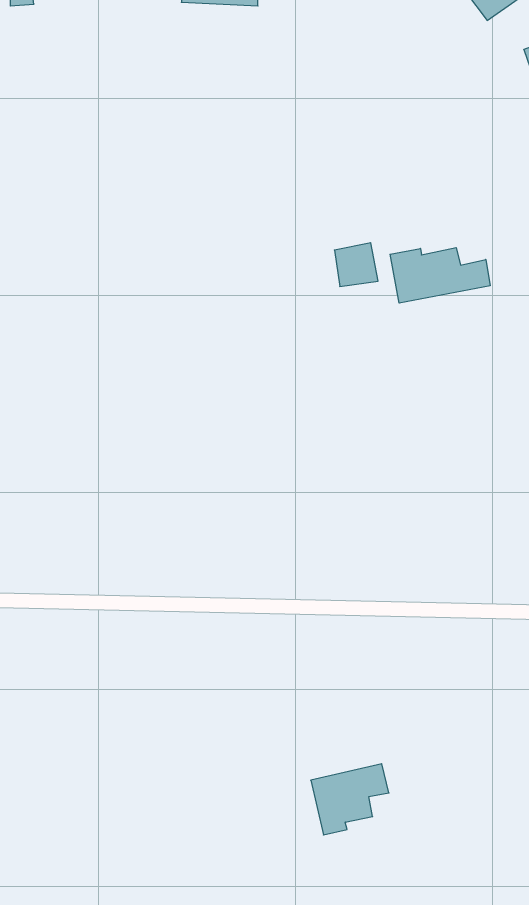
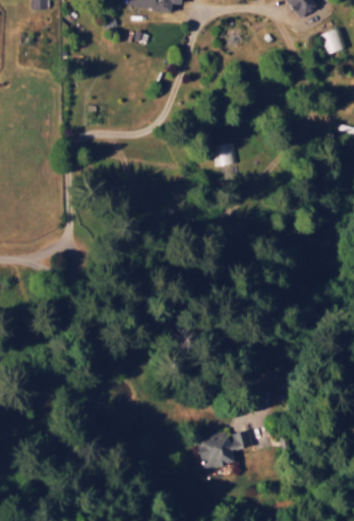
building: [390,248,490,303] -> none

